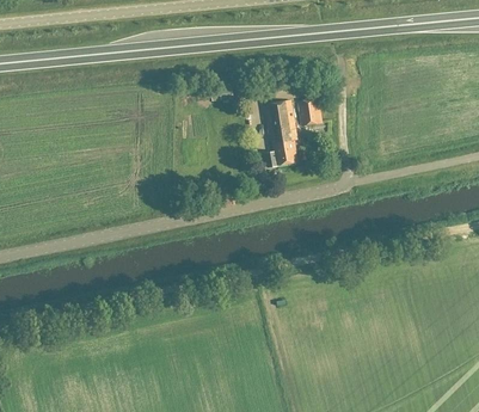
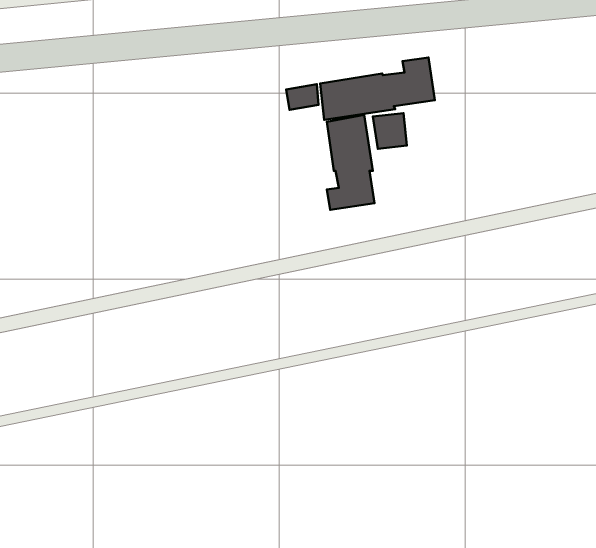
building: none -> [320,57,435,120]

